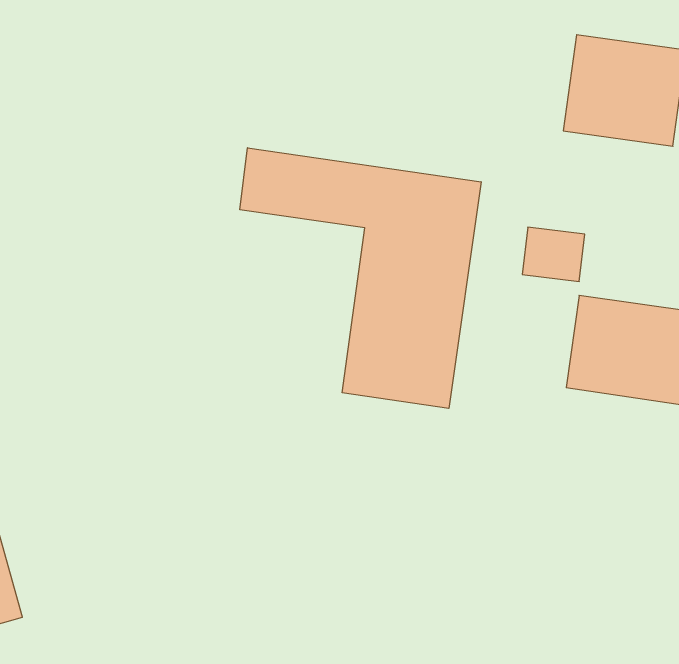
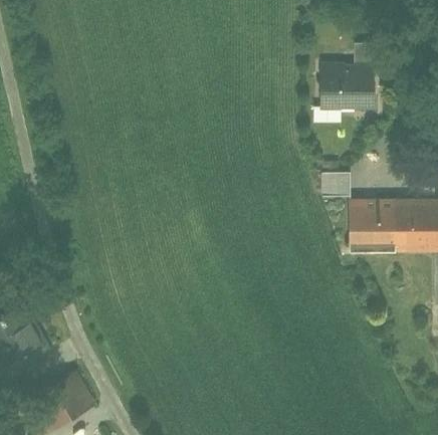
building: [240,148,481,408] -> none

